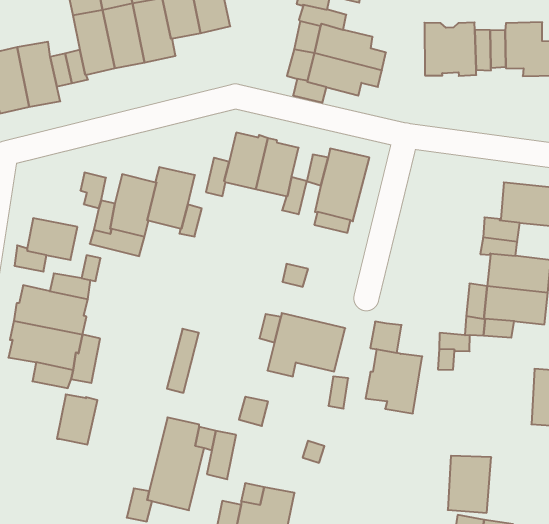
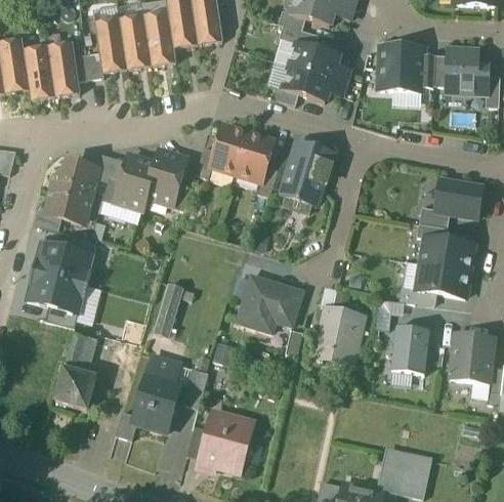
building: none -> [53,163,98,196]
building: none -> [56,368,96,408]
building: [448,456,491,513] -> [392,327,430,375]

